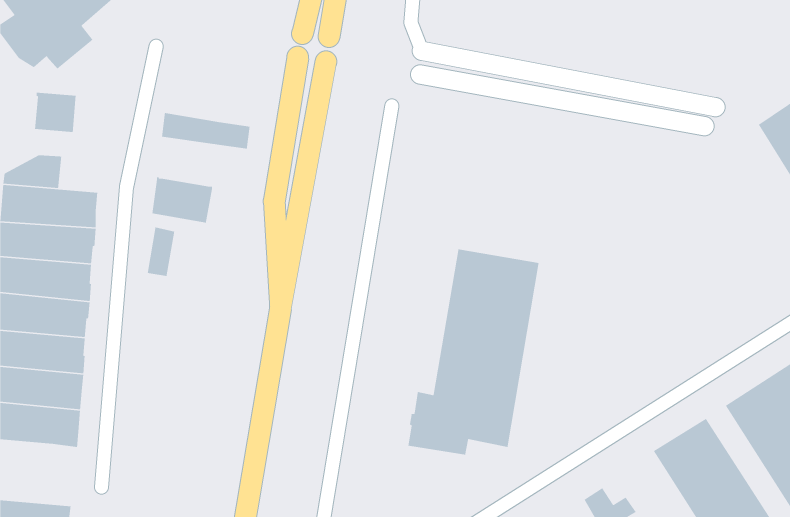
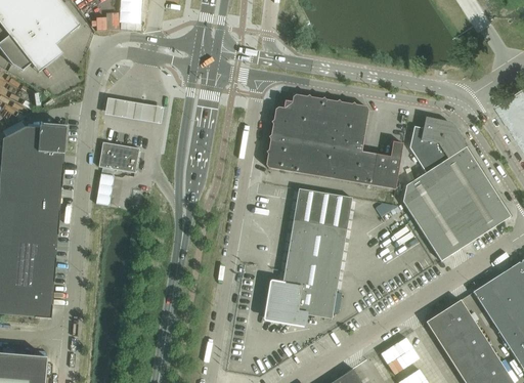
building: [34,92,77,133] -> [39,125,67,152]
building: none -> [266,94,403,188]
building: none -> [402,116,511,260]

